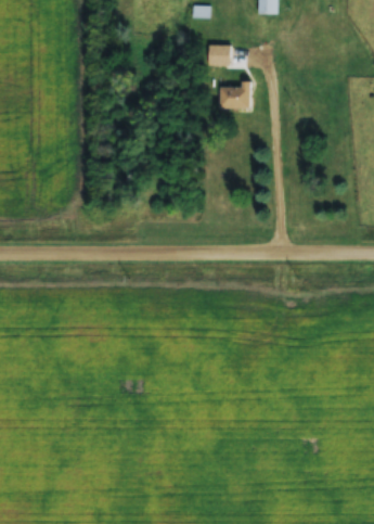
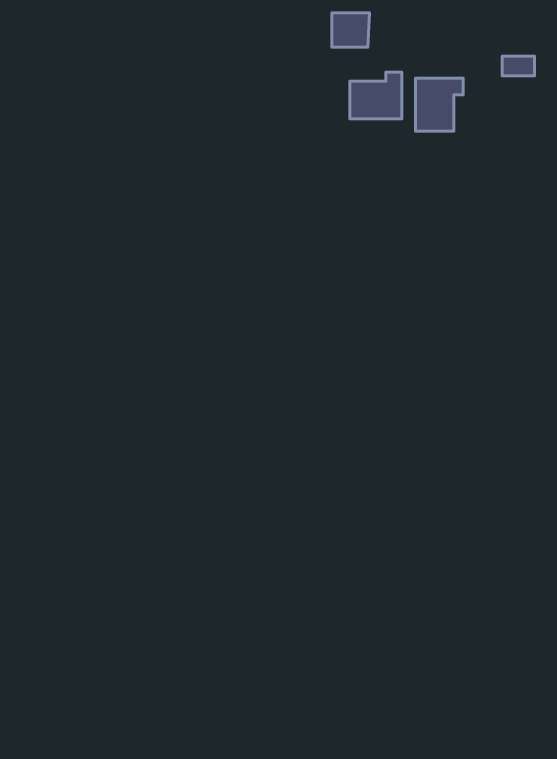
building: none -> [416,78,463,131]

